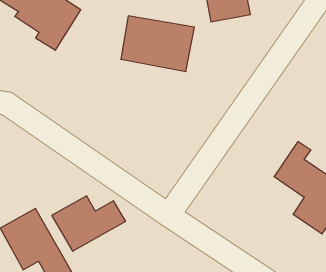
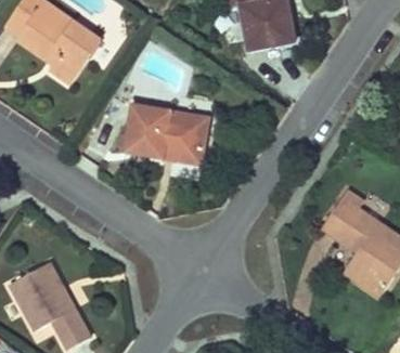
building: [121,16,194,71] -> [127,104,211,168]
building: [52,196,125,251] -> none

